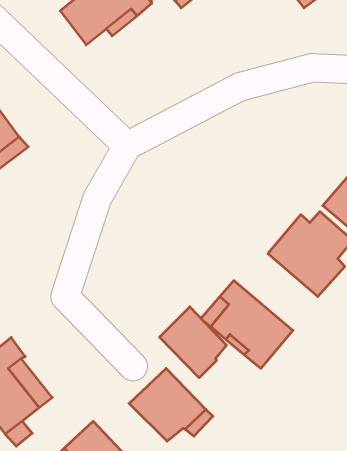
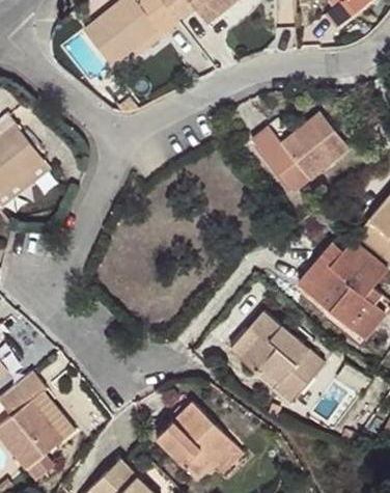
building: none -> [254,113,349,192]
building: [160,307,226,378] -> none

